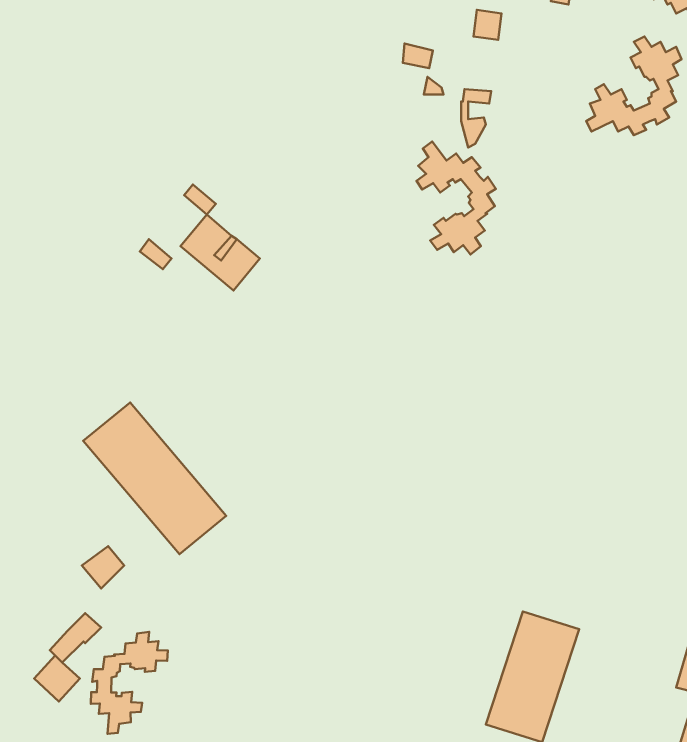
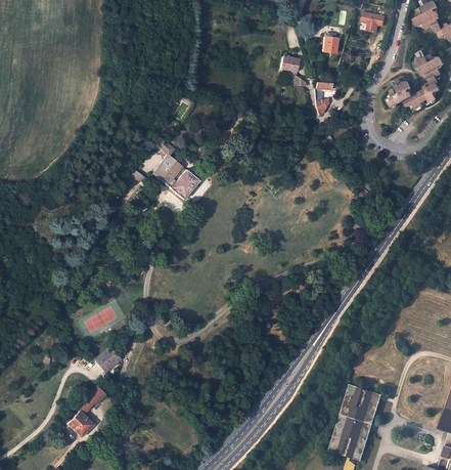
building: [417,142,496,255] -> none
building: [83,402,226,554] -> none
building: [91,632,168,734] -> none

